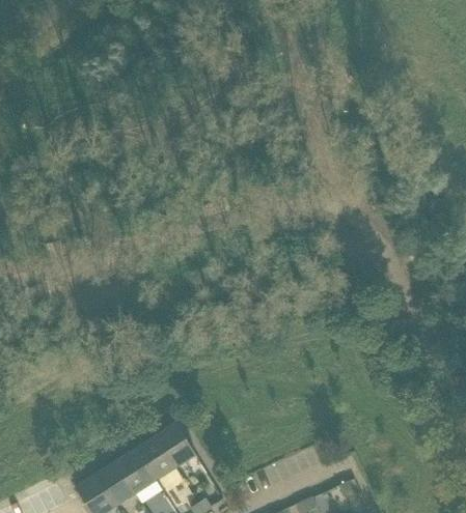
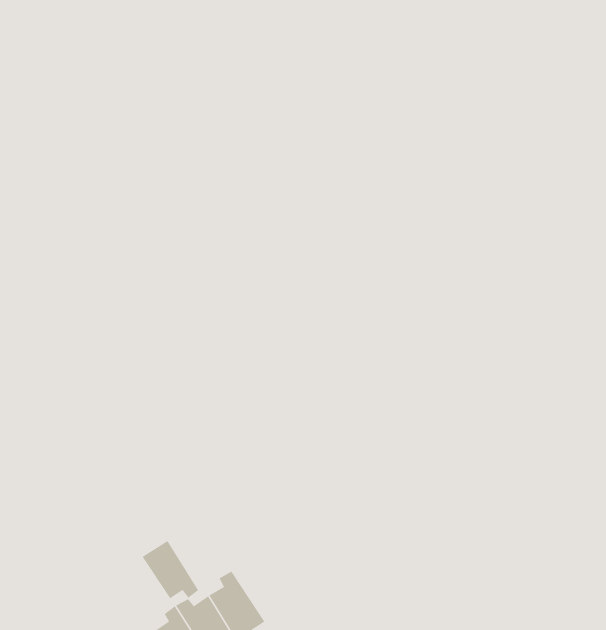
building: none -> [142,540,199,599]

